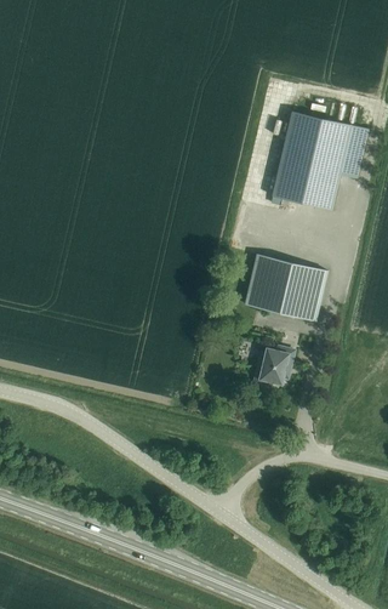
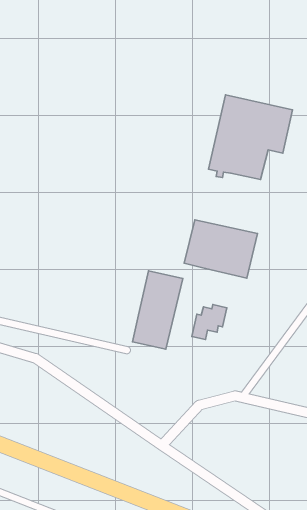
building: none -> [132,271,183,349]

